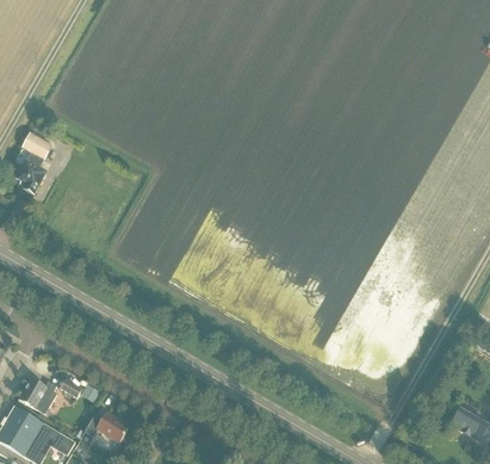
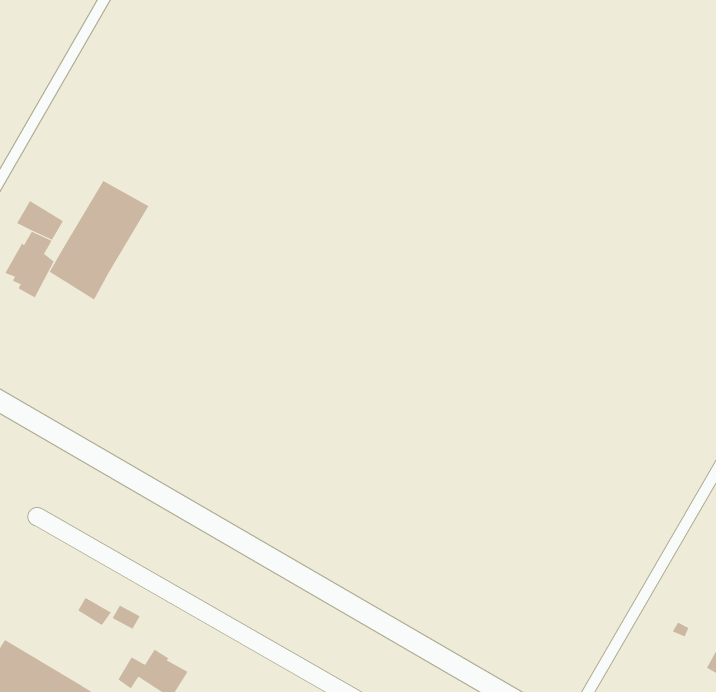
building: none -> [49,180,149,300]
building: [20,377,57,413] -> none

